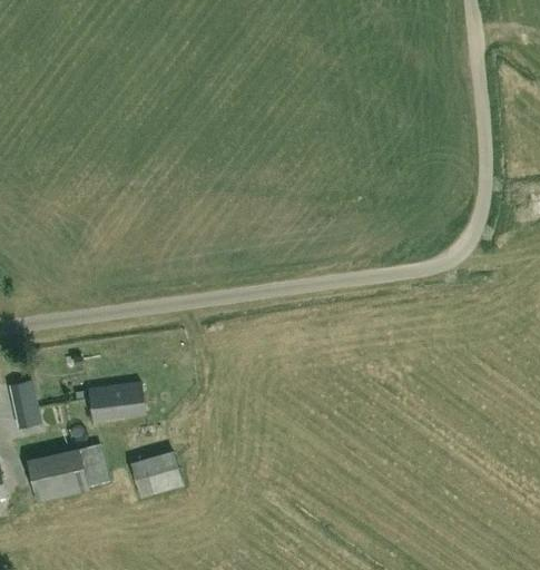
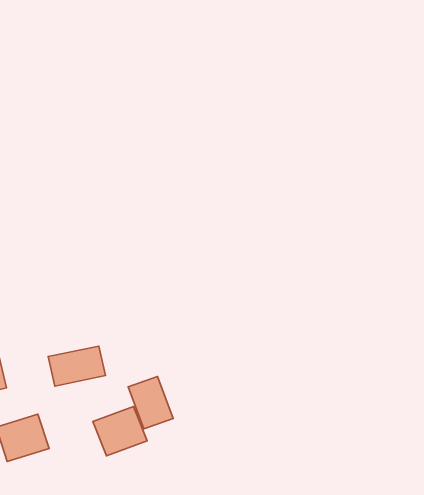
building: none -> [128,377,173,429]
building: [78,444,108,487] -> none

